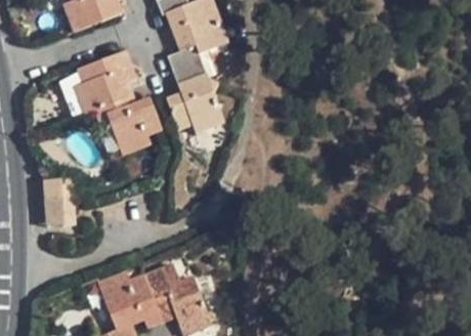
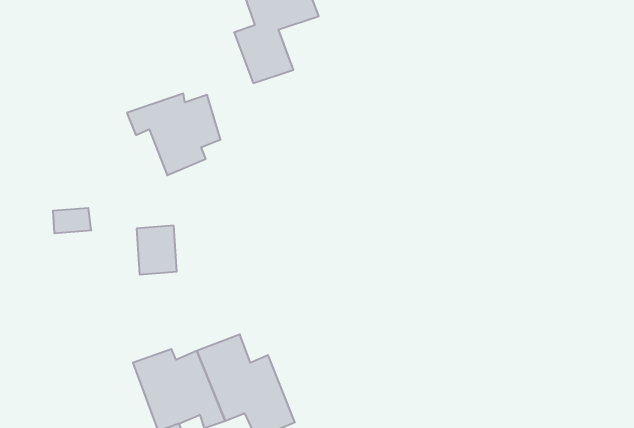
building: [77,51,136,113] -> none
building: [168,81,222,132] -> none
building: [44,192,72,225] -> [137,226,177,275]

